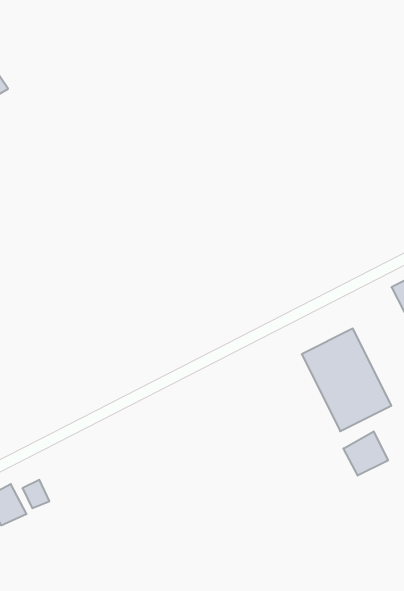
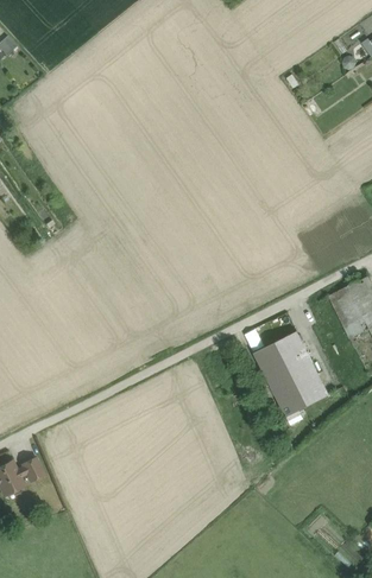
building: [343,431,388,476] -> none

